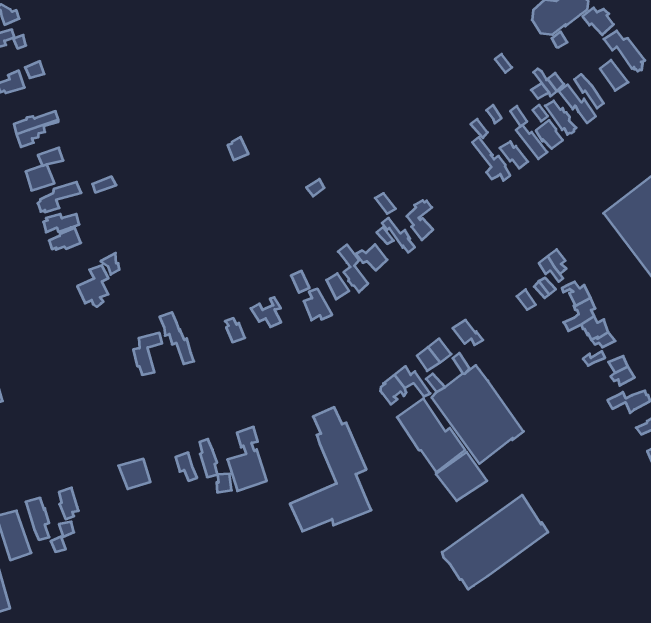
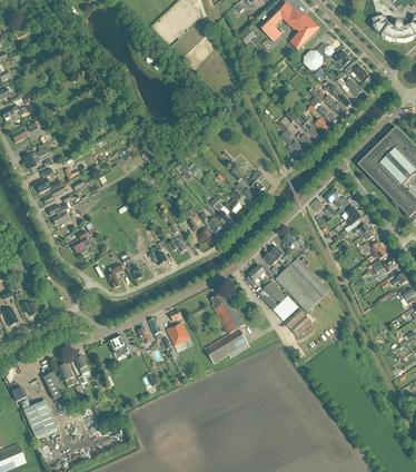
building: [442,495,548,589] -> none

